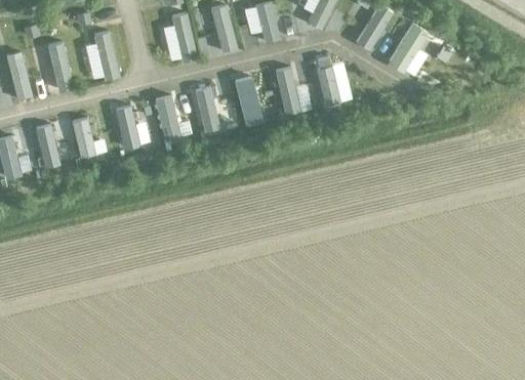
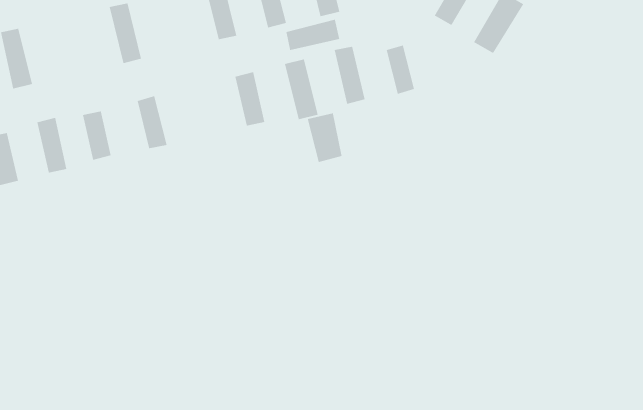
building: [46,42,73,91] -> none
building: none -> [286,19,340,51]
building: [155,95,180,141] -> none
building: none -> [307,112,342,163]

